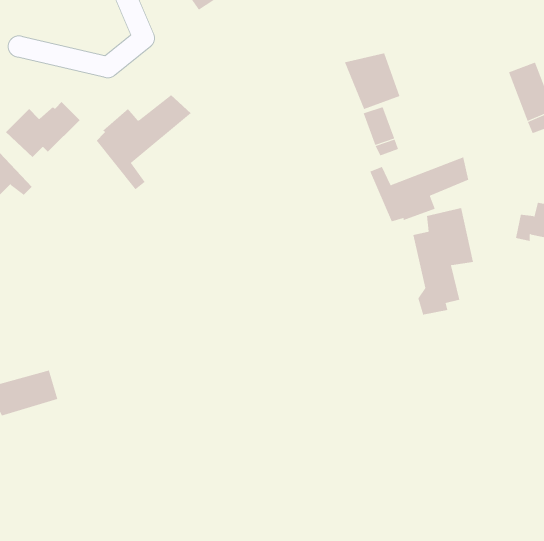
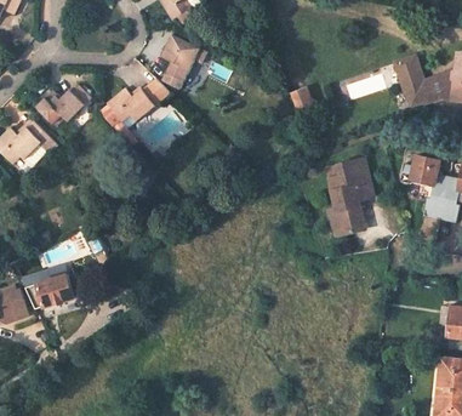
building: none -> [161,35,206,91]
building: [344,52,400,110] -> none
building: [370,156,469,222] -> none

